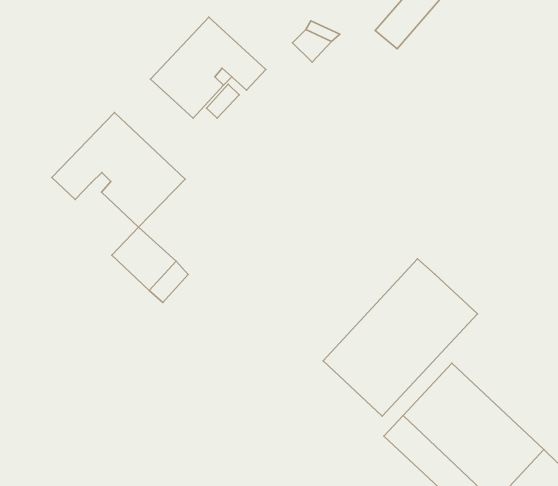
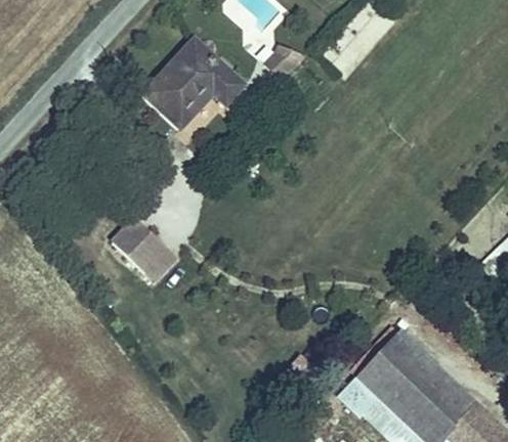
building: [52,113,185,227] -> none
building: [323,259,478,416] -> none

